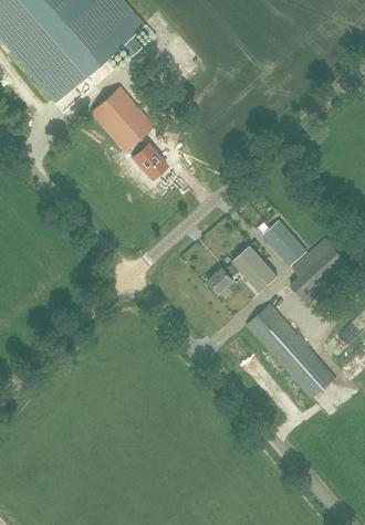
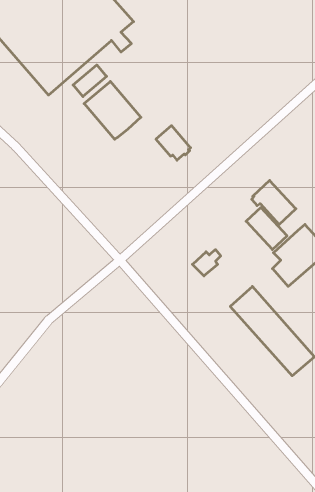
building: none -> [73,65,107,97]
building: [132,143,168,179] -> [156,126,191,160]
building: [231,245,278,292] -> [252,180,296,225]

